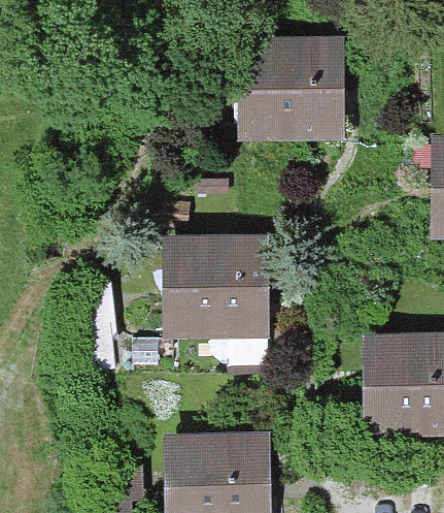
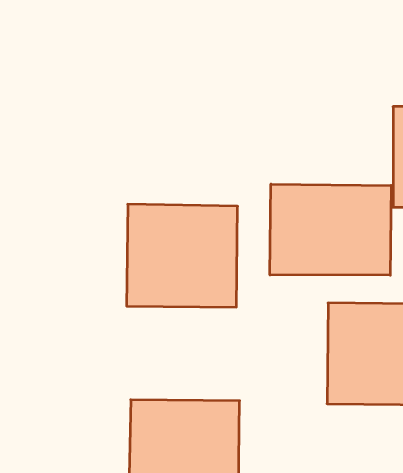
building: [234,37,345,140] -> none
building: none -> [270,184,391,275]

